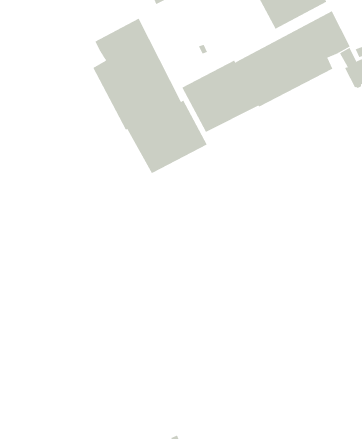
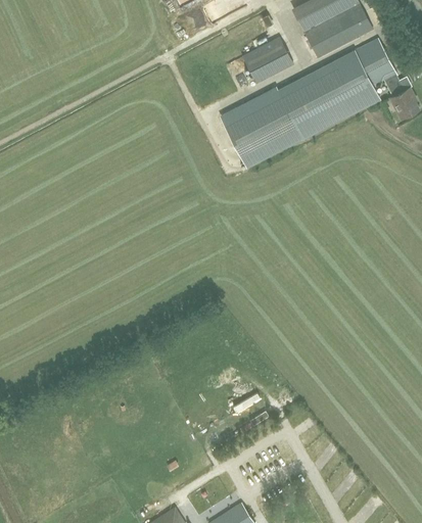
building: none -> [242,37,292,83]
building: [92,18,207,174] -> none

